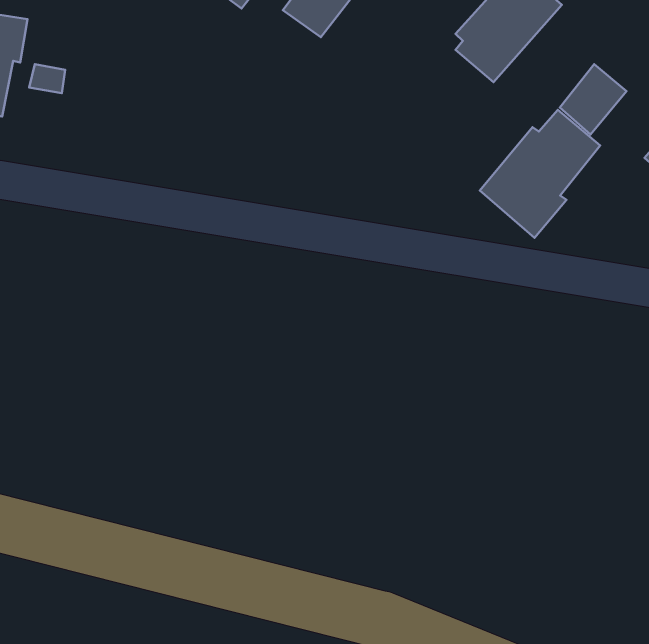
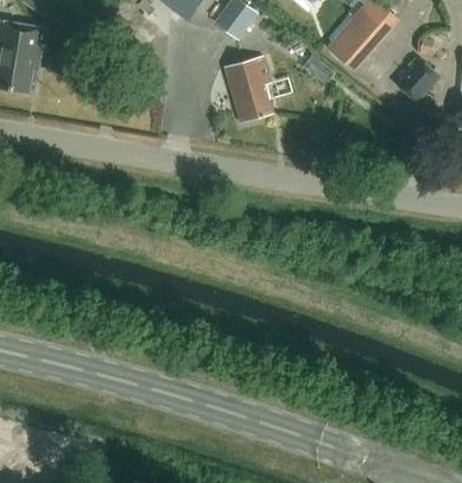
building: none -> [227,56,274,122]
building: [480,110,600,238] -> none

